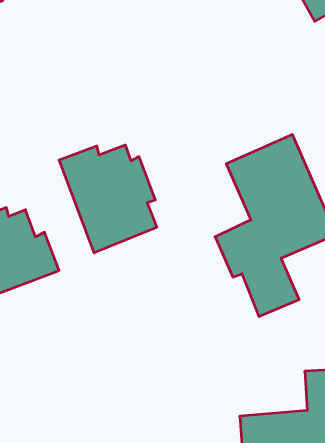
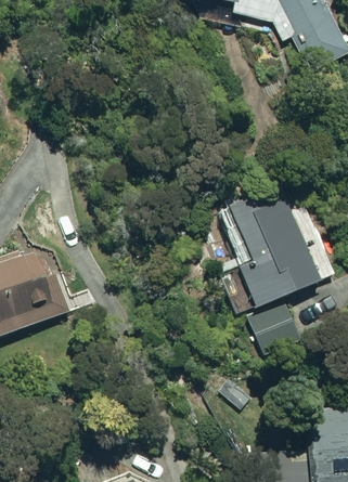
building: [59,145,157,253] -> none

